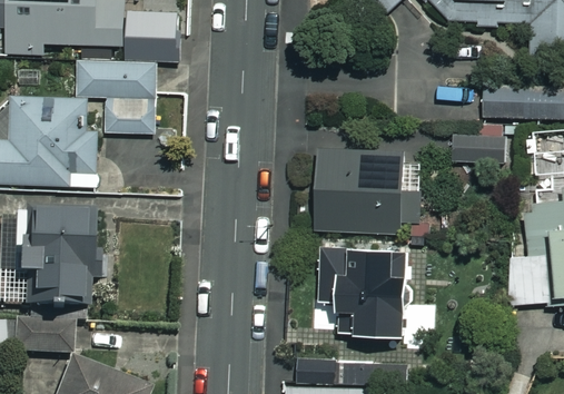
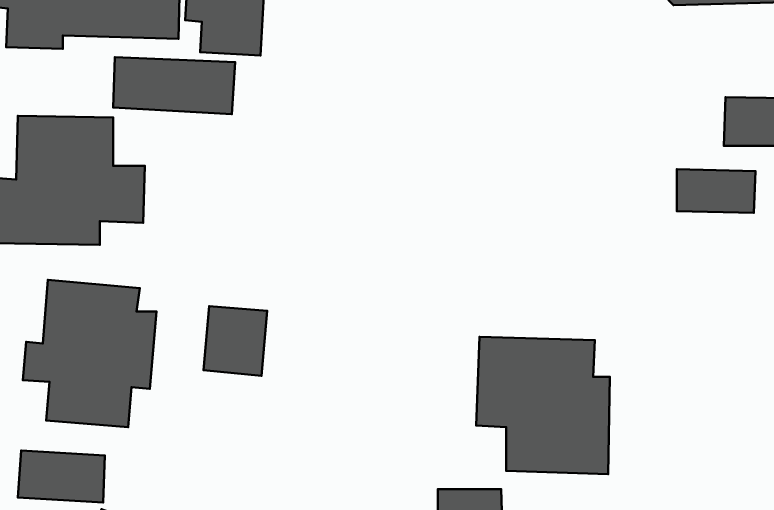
building: [105,99,157,135] -> none
building: [316,149,405,232] -> none
building: none -> [204,306,267,376]

